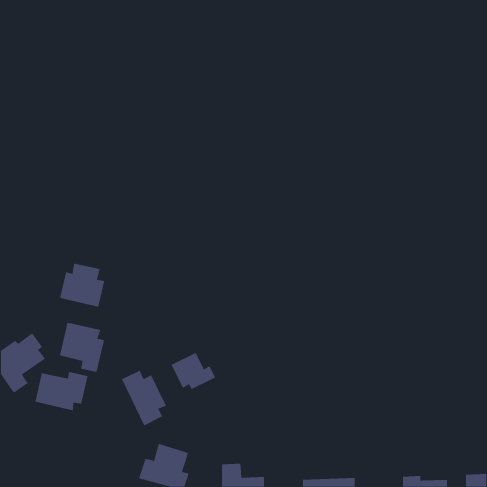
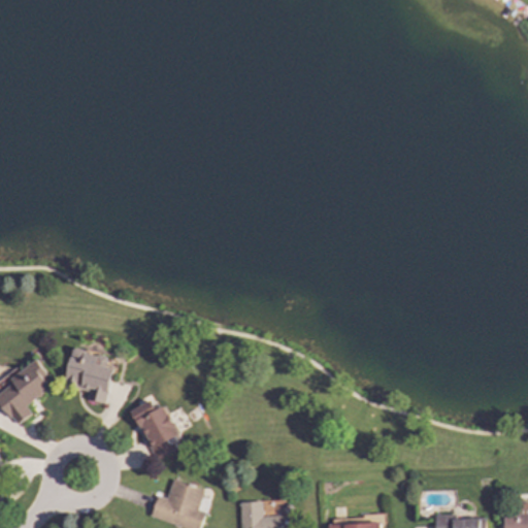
building: [60,263,105,307] -> none
building: [171,352,216,390] -> none
building: [35,371,88,411] -> none

